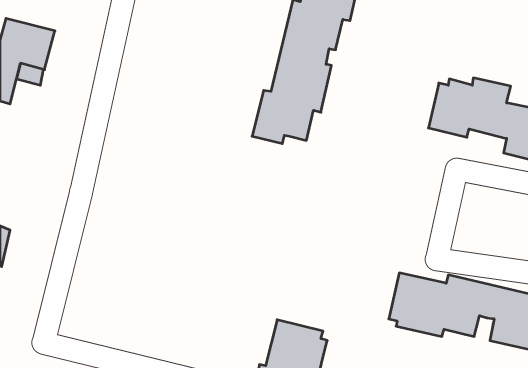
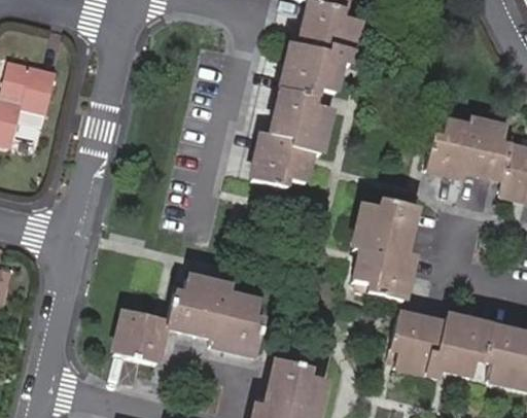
building: none -> [353,199,417,300]
building: none -> [114,277,264,362]

